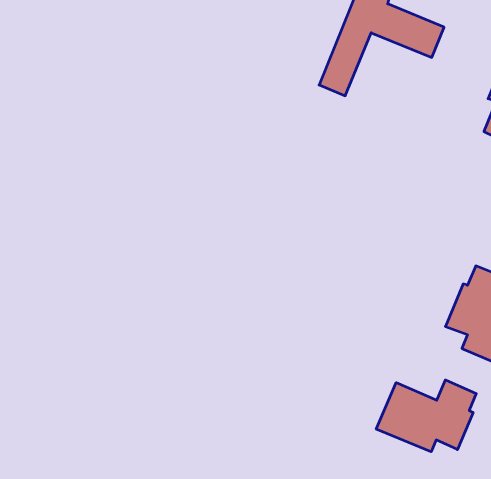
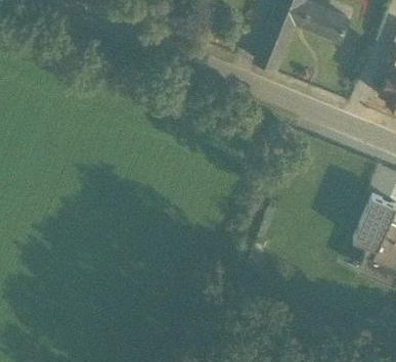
building: [376,380,476,452] -> none

